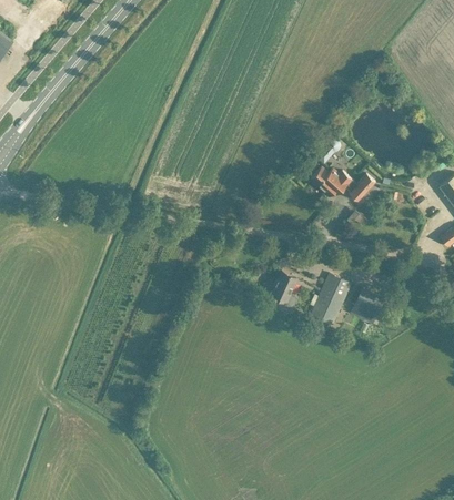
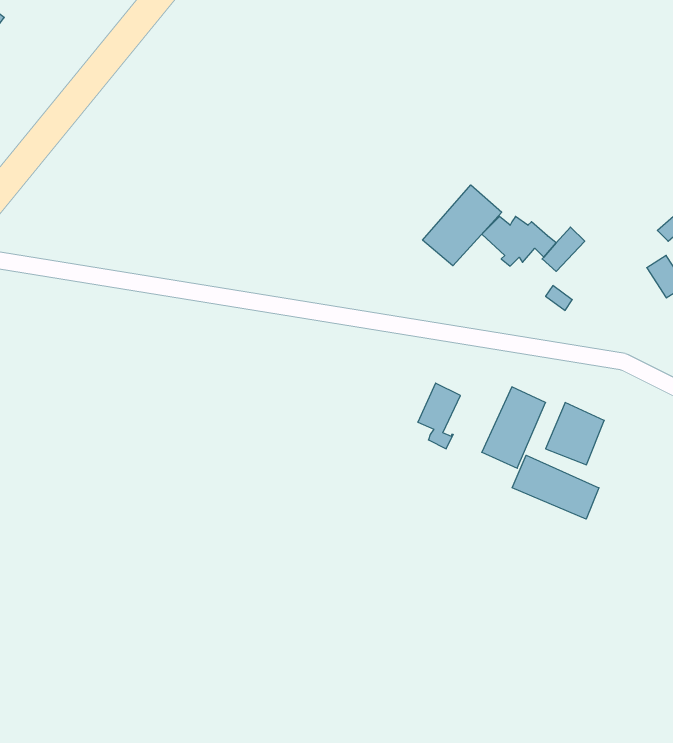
building: none -> [423,185,502,266]
building: none -> [512,455,599,519]

